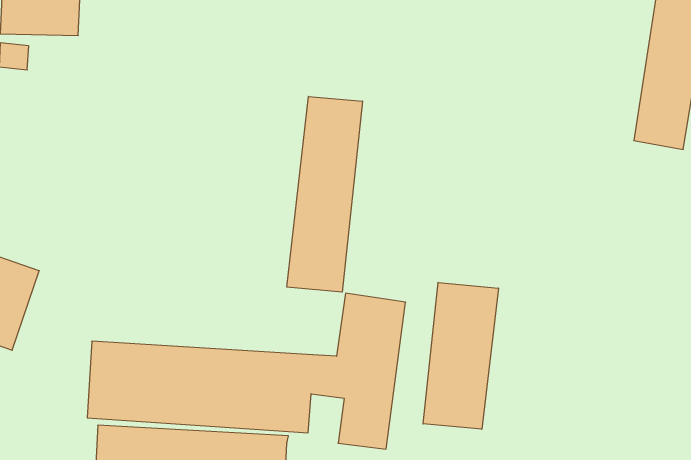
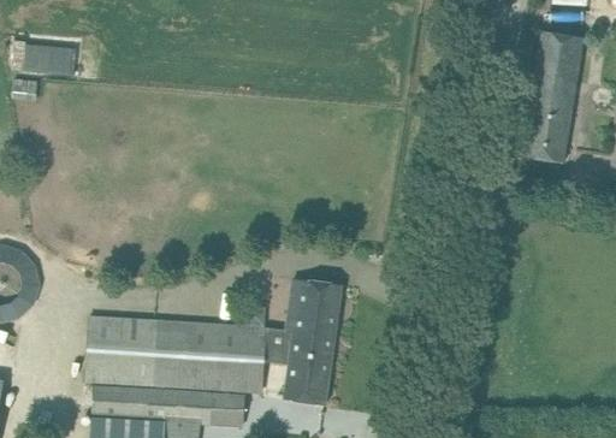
building: [287,96,362,292] -> none
building: [423,282,498,429] -> none

